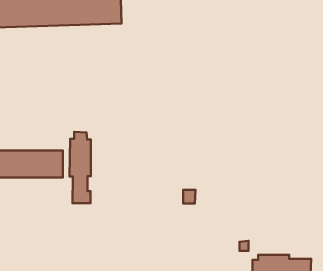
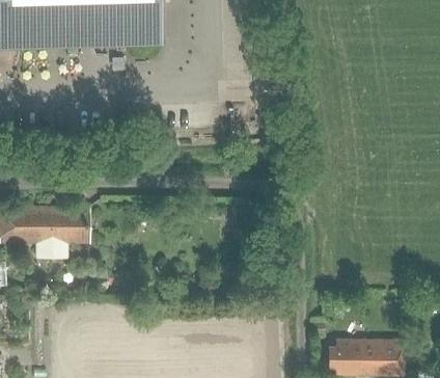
building: [70,132,91,203] -> none

